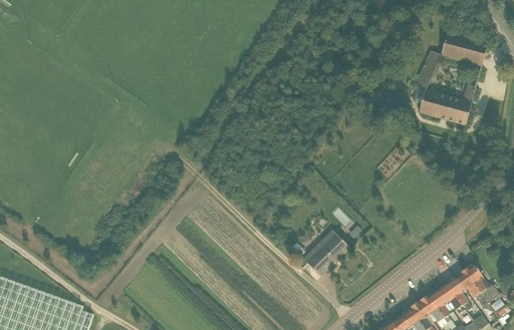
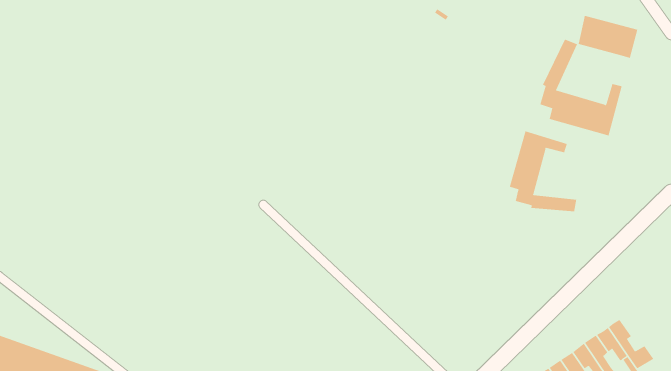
building: none -> [509,131,577,212]
building: [305,232,349,275] -> none

